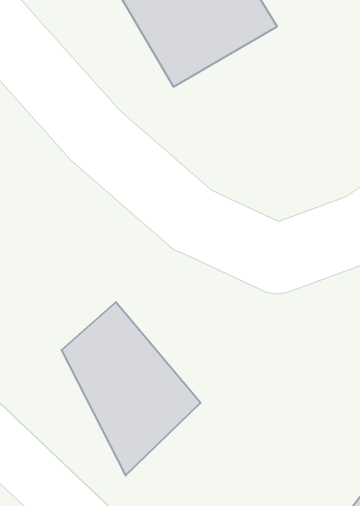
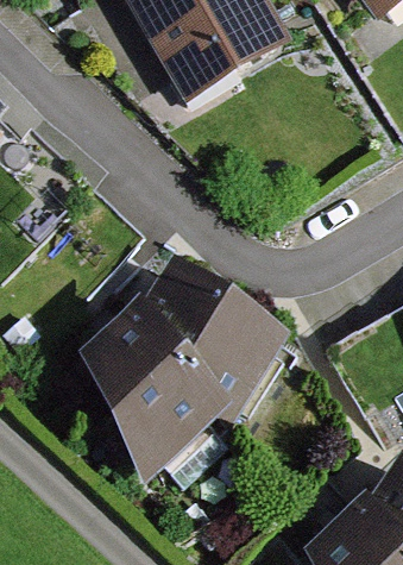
building: none -> [137,269,286,422]

